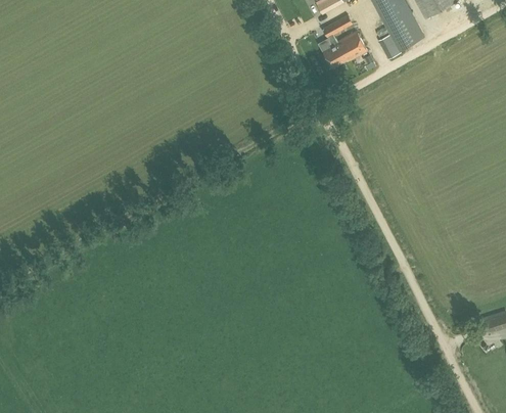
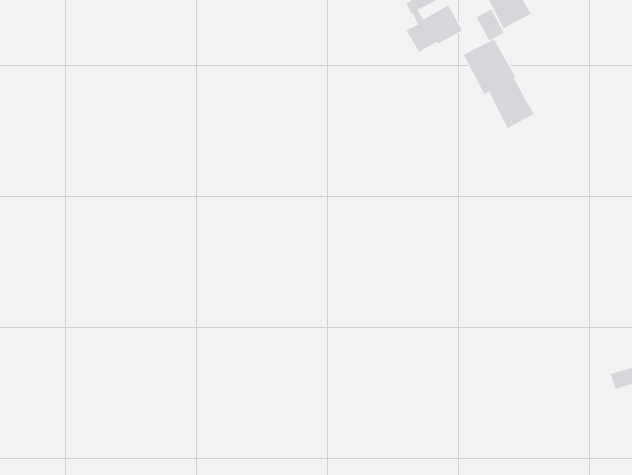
building: none -> [463,38,535,129]

